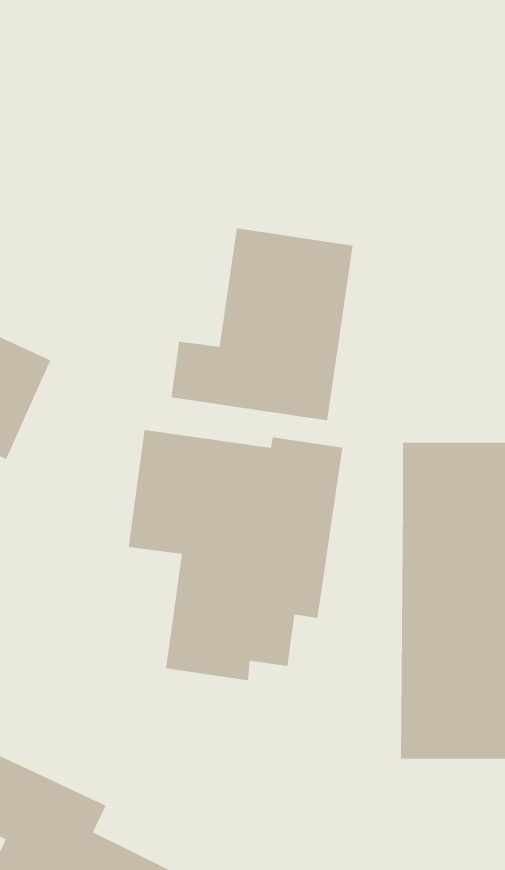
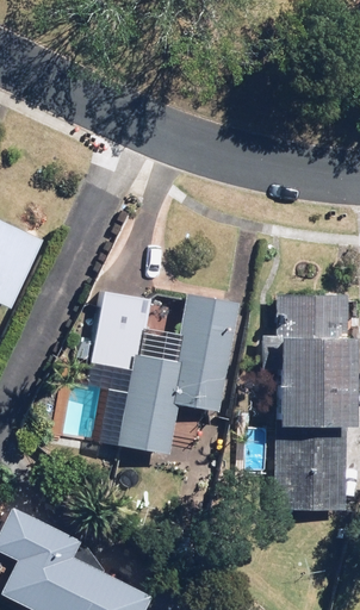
building: [171,227,353,421] -> none

